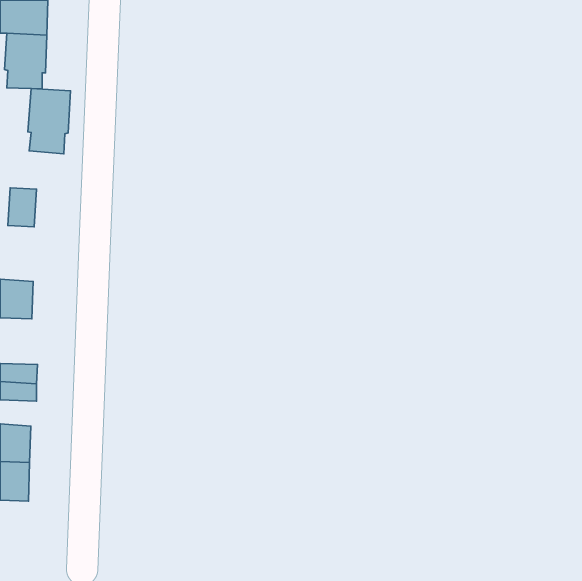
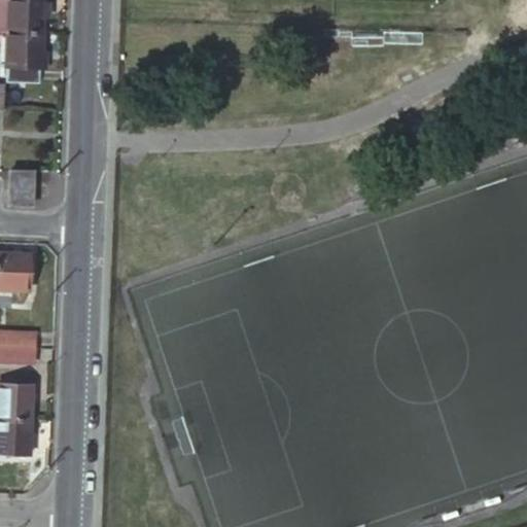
building: [28,89,71,154] -> none

